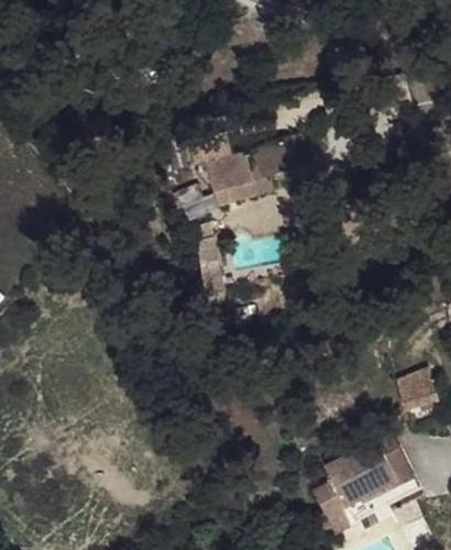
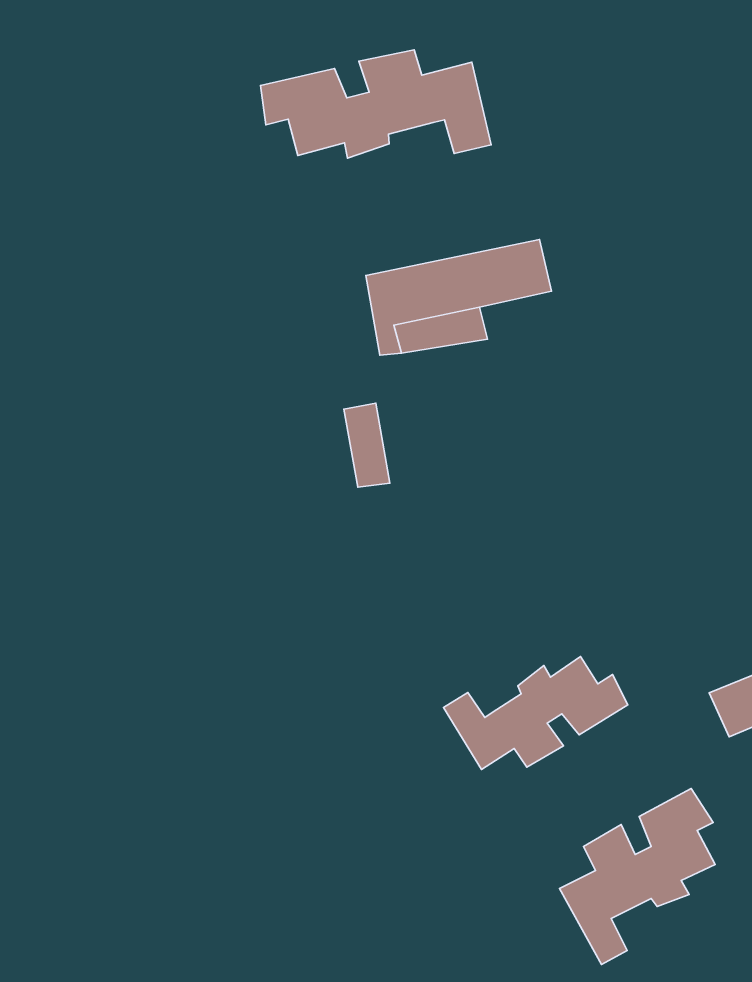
building: none -> [261,50,491,158]
building: none -> [444,657,628,770]

